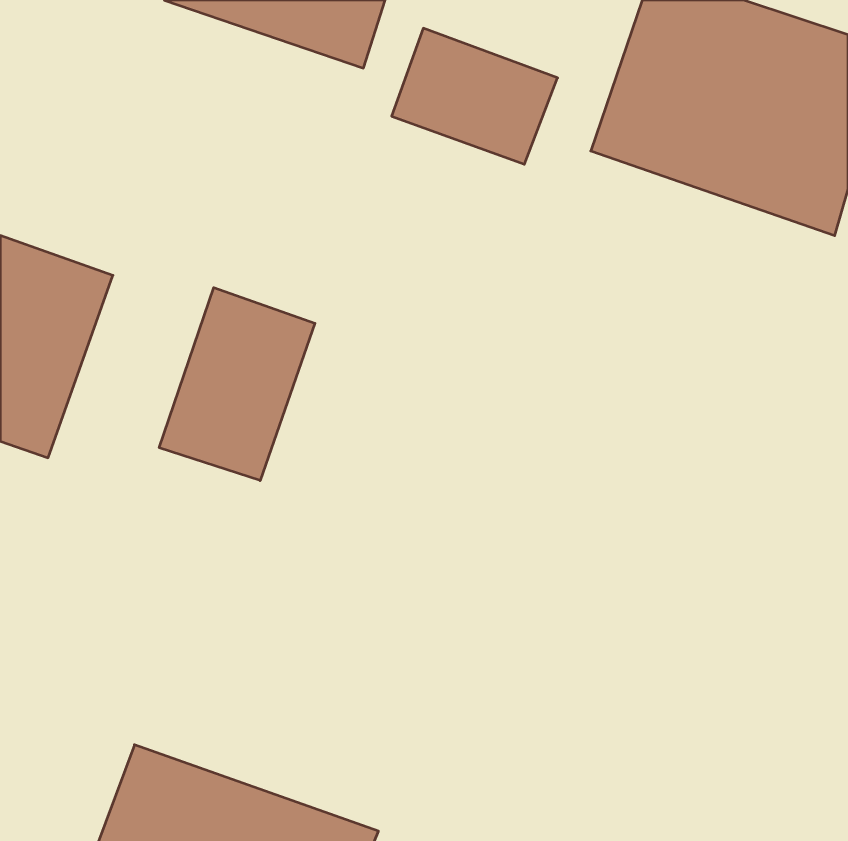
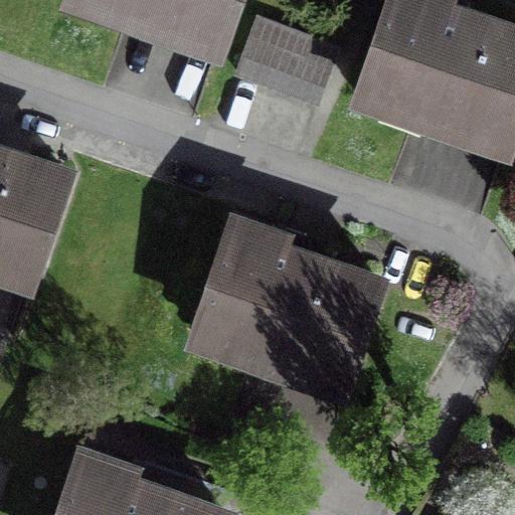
building: [159,288,315,481] -> none
building: none -> [190,226,381,387]

